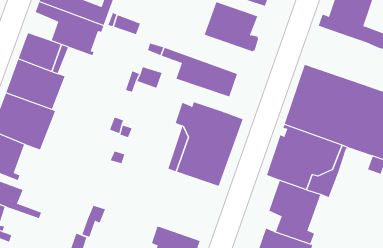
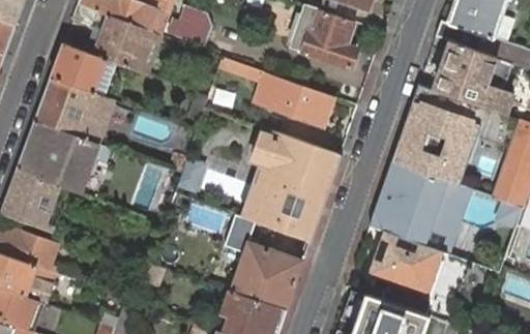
building: none -> [435,41,511,114]
building: none -> [231,242,302,309]

